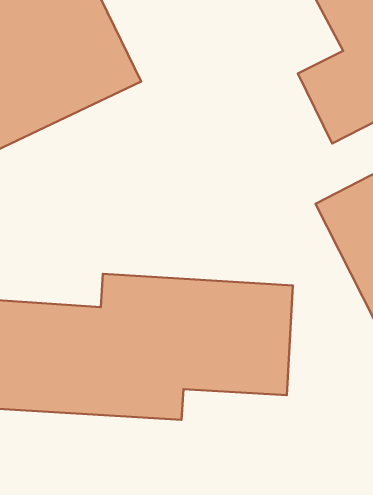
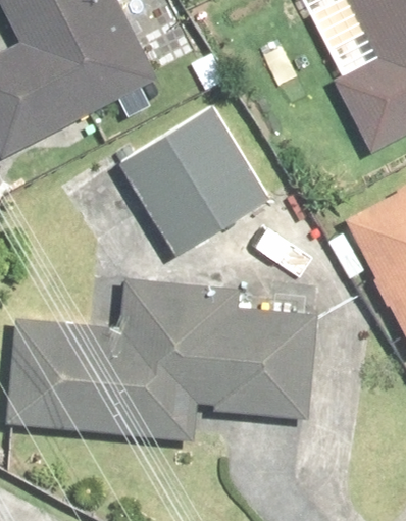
building: none -> [120,100,276,255]

